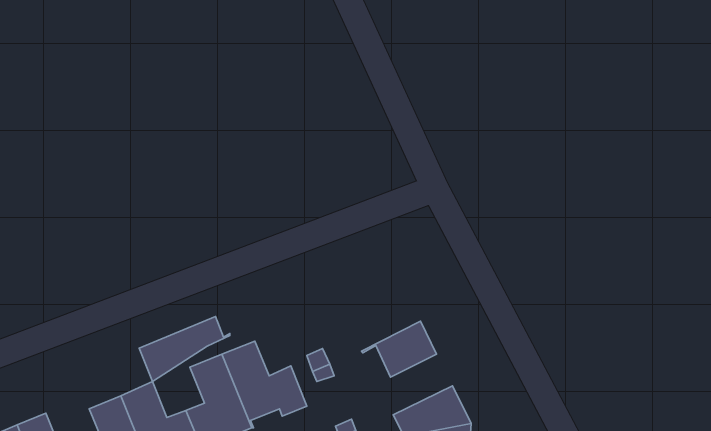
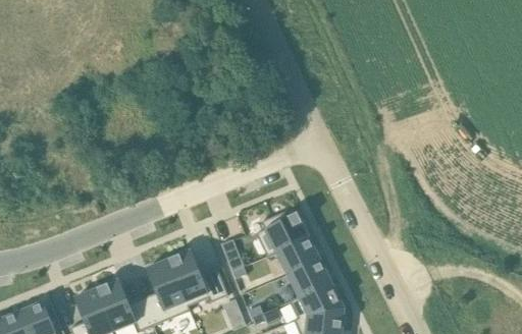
building: none -> [255,212,308,257]
building: [139,317,230,382] -> none
building: none -> [286,259,330,301]

